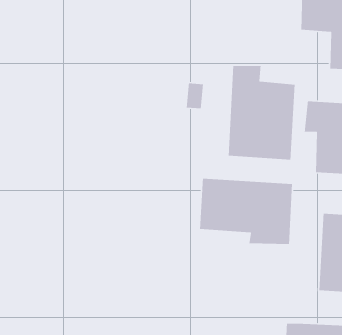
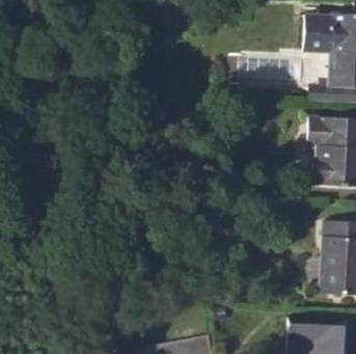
building: [228,65,296,161] -> none
building: [199,178,293,245] -> none

